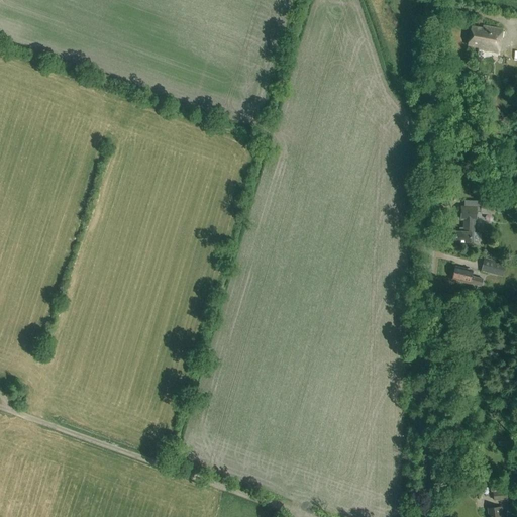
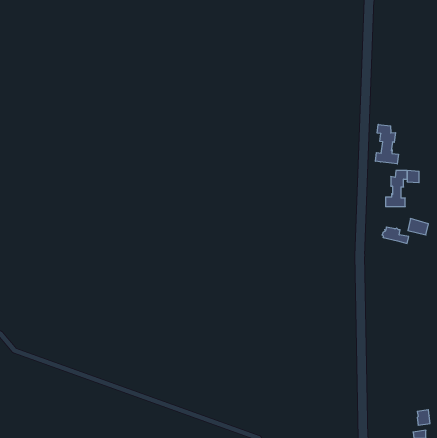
building: [469,27,502,54] -> none
building: none -> [375,124,398,164]

